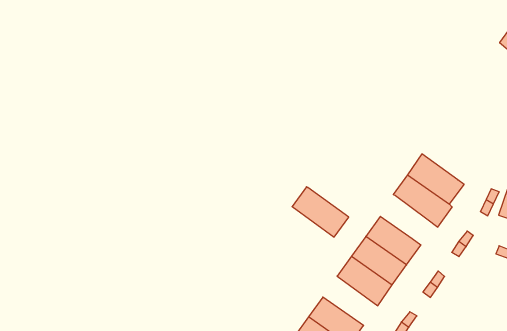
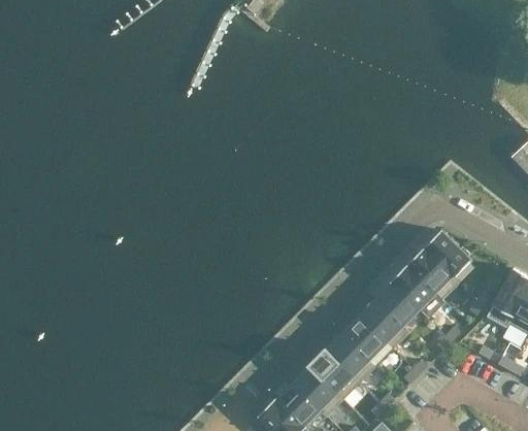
building: none -> [423,228,470,275]
building: [292,187,349,237] -> [307,346,359,398]
building: none -> [374,280,418,324]

